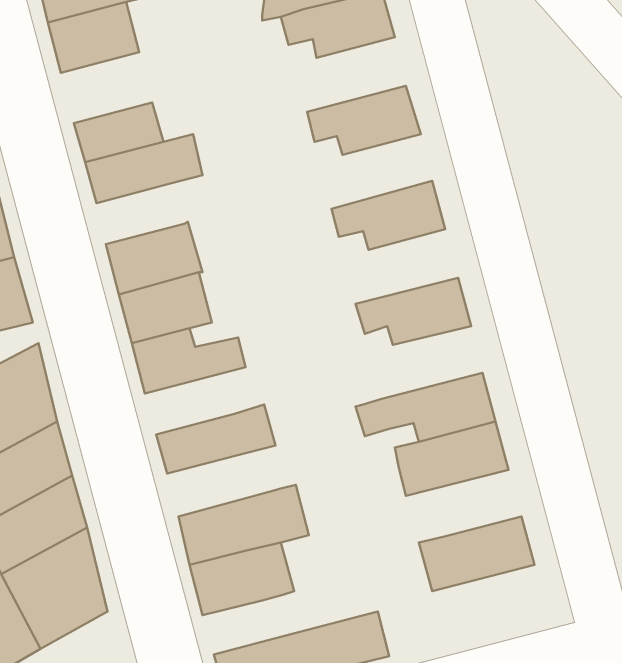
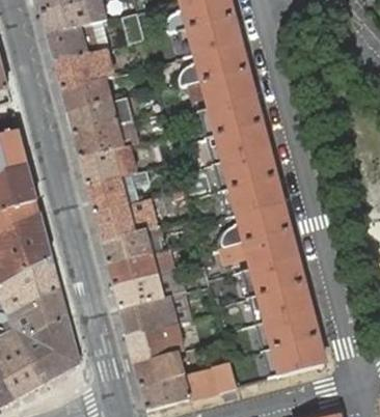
building: none -> [181,44,246,88]
building: none -> [54,50,113,91]
building: none -> [200,98,261,139]
building: none -> [74,124,123,159]
building: none -> [214,150,275,192]
building: none -> [222,204,289,248]
building: none -> [101,226,163,265]
building: none -> [113,275,177,310]
building: none -> [246,284,310,325]
building: none -> [261,337,325,377]
building: none -> [133,354,183,387]

